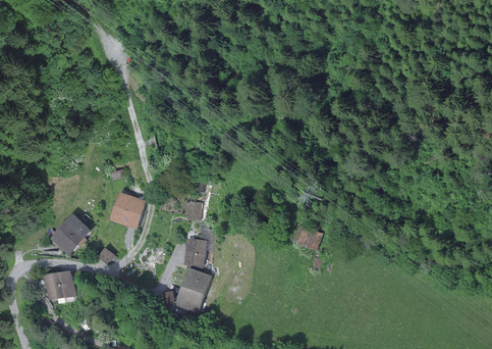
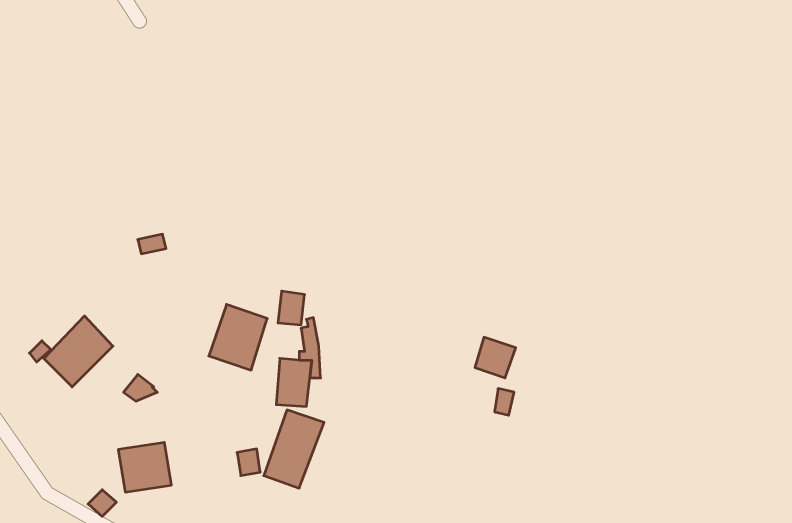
building: [111,191,145,229] -> [209,304,267,370]
building: [44,270,74,299] -> [118,442,171,492]

